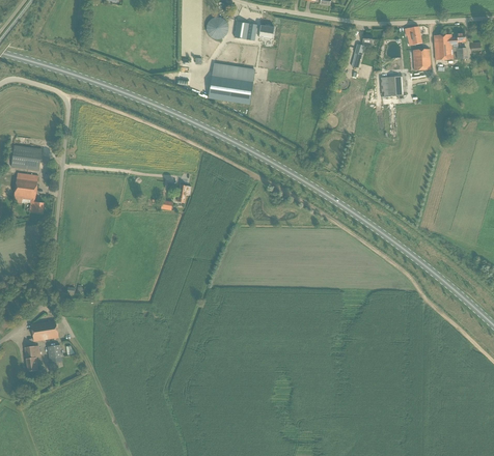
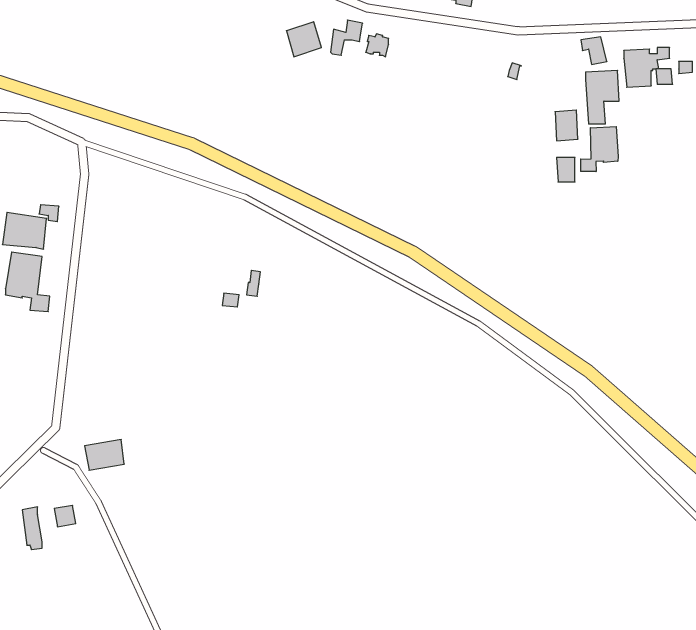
building: [209,63,255,105] -> none
building: none -> [581,127,618,172]
building: [31,320,58,341] -> [85,440,124,470]

